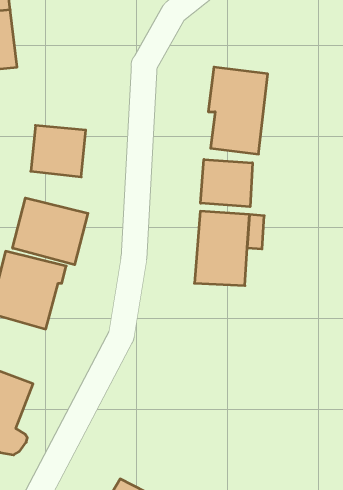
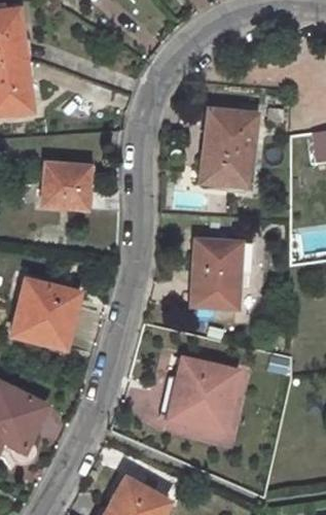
building: [201,159,252,207] -> none
building: [13,198,88,265] -> none
building: none -> [166,360,233,431]

